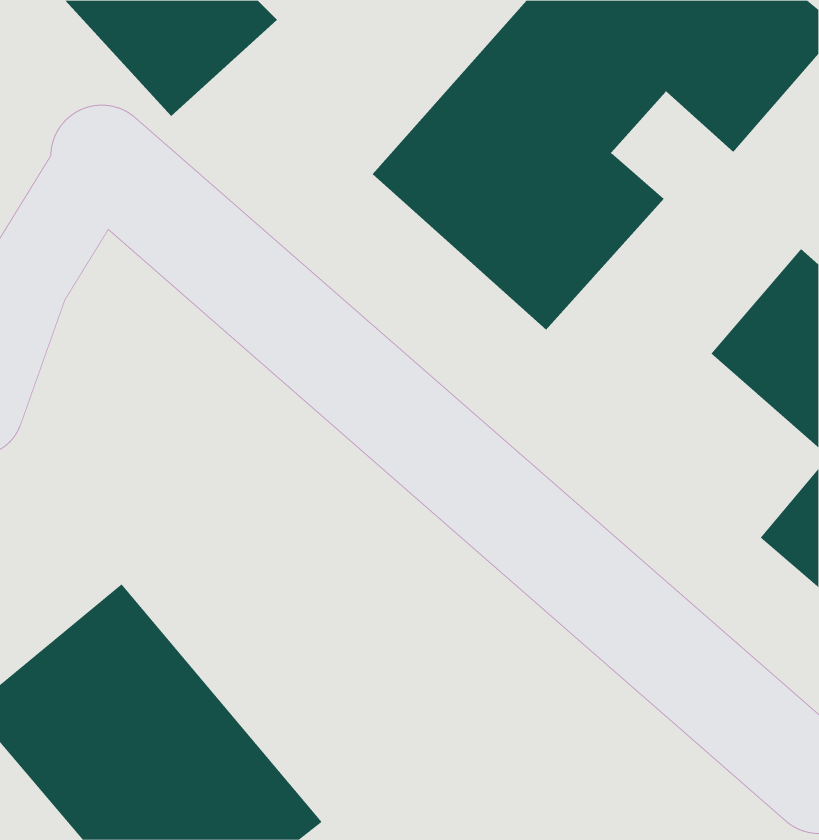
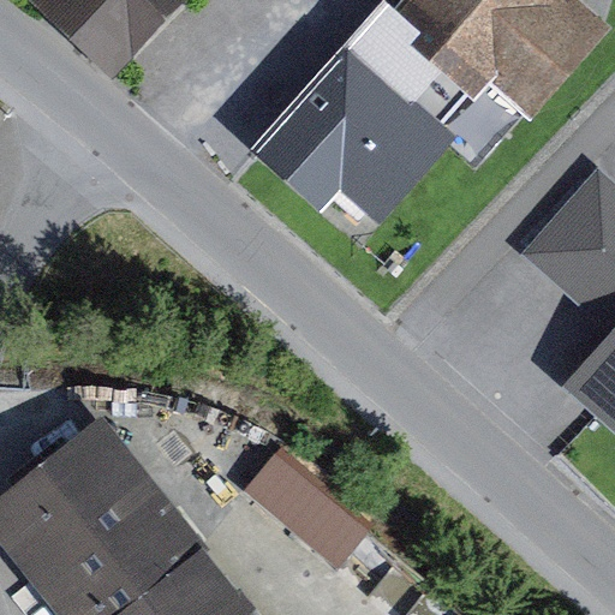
building: none -> [237,424,364,544]

